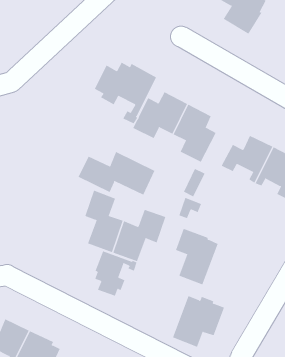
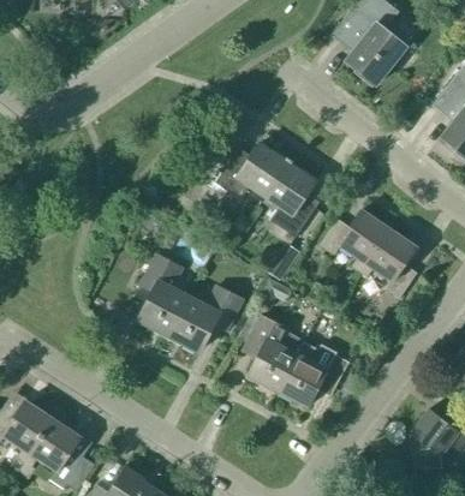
building: [94,62,157,124] -> none
building: [78,151,155,195] -> none
building: [94,251,137,296] -> none
building: [172,295,225,348] -> [278,340,348,407]

